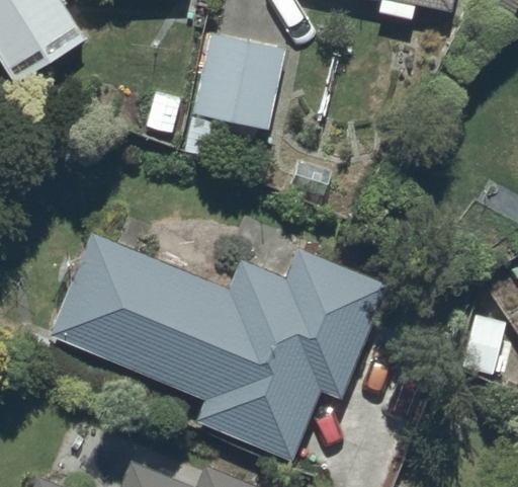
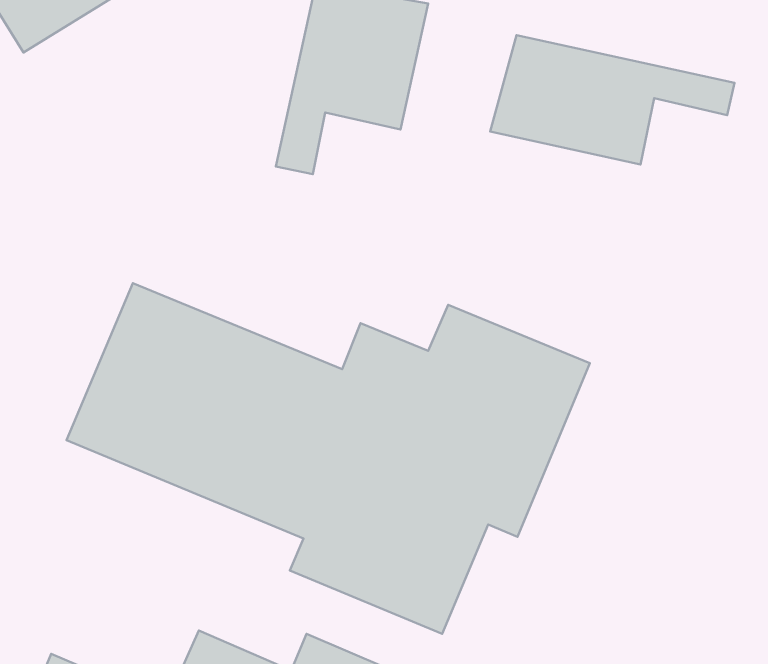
building: none -> [490,35,735,164]

